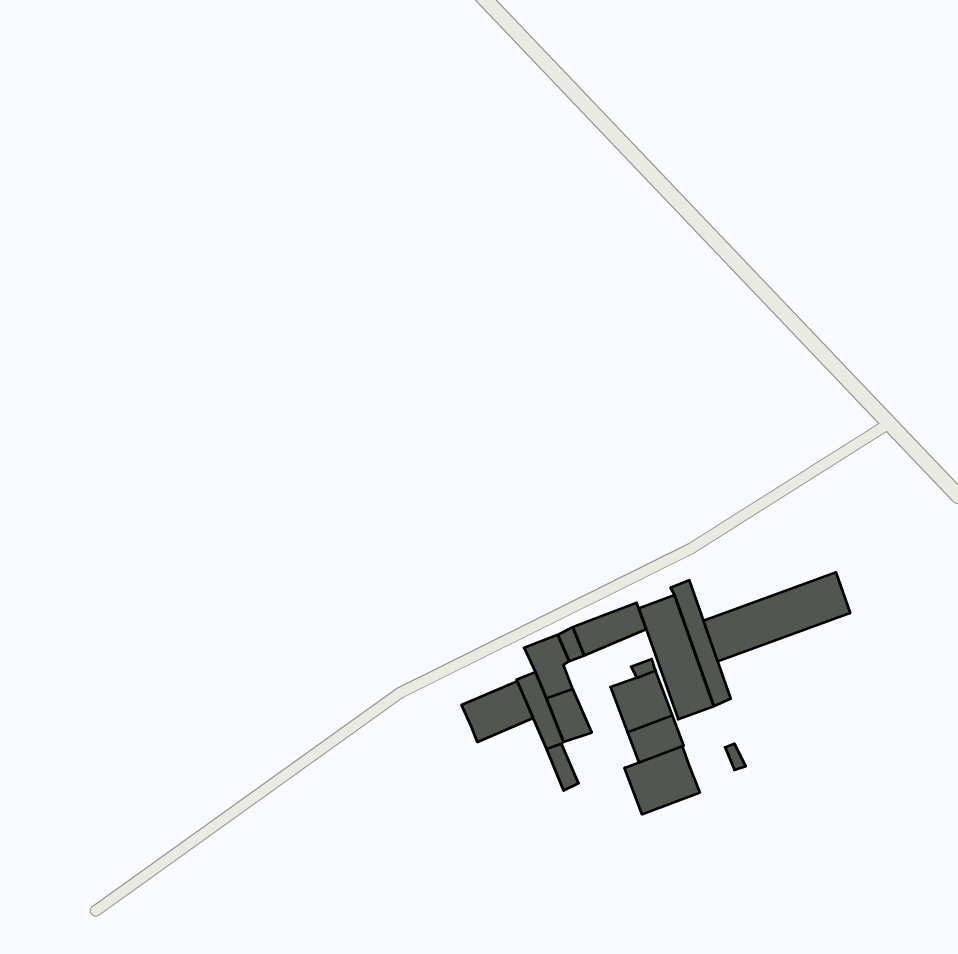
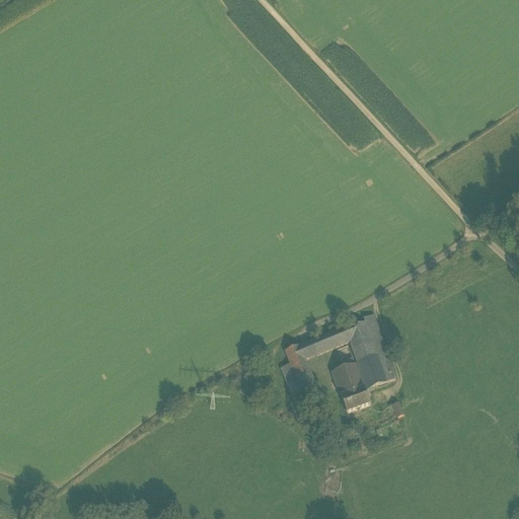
building: [703,572,850,662] -> none
building: [462,681,533,742] -> none
building: [625,746,700,814] -> none

